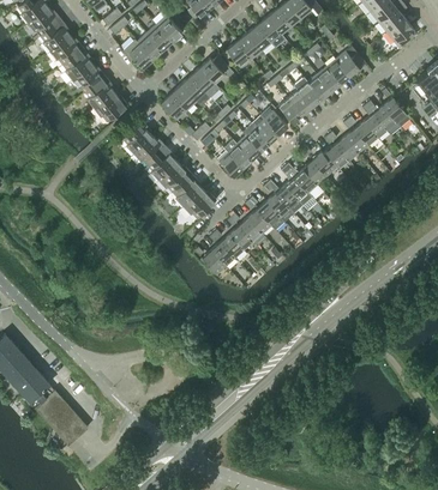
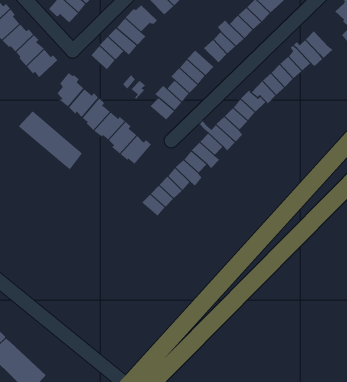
building: none -> [18,110,82,170]

